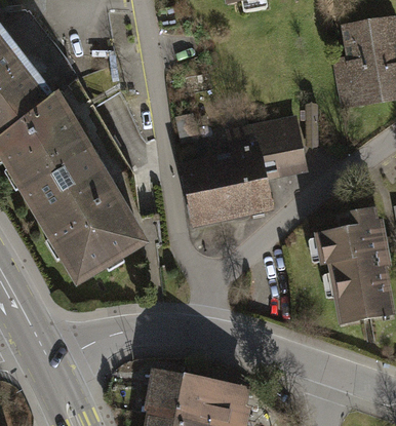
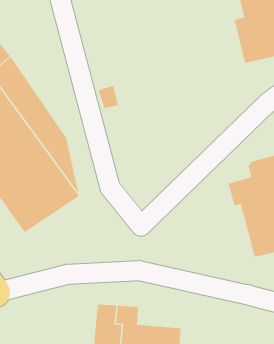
building: [181,118,303,224] -> none

